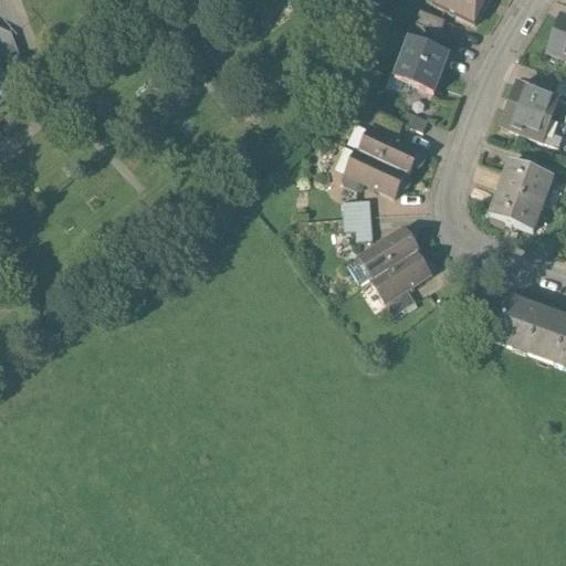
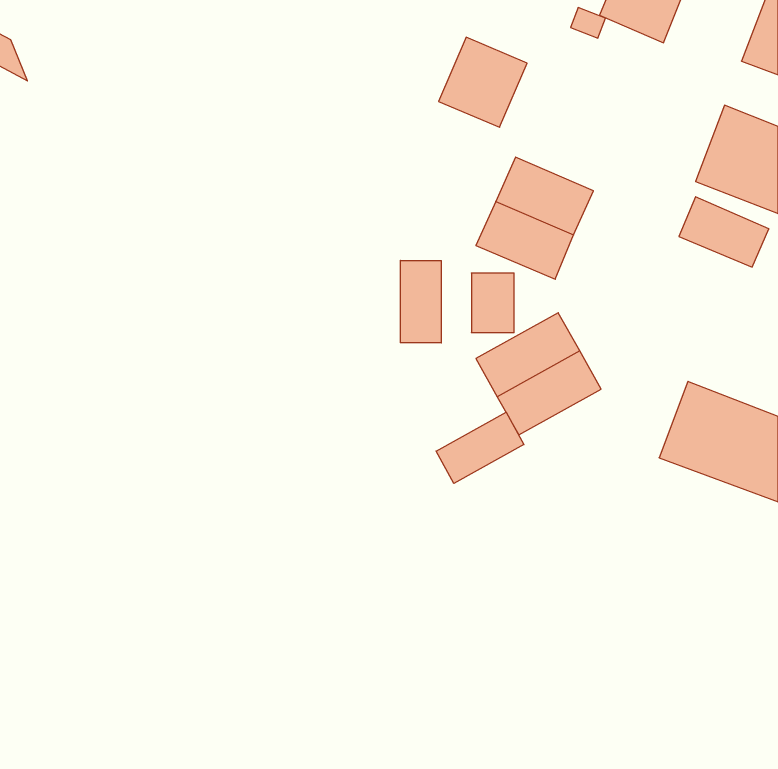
building: [396,36,460,102] -> [439,37,527,127]
building: [480,171,545,222] -> none
building: none -> [400,260,441,343]
building: none -> [436,412,524,483]

